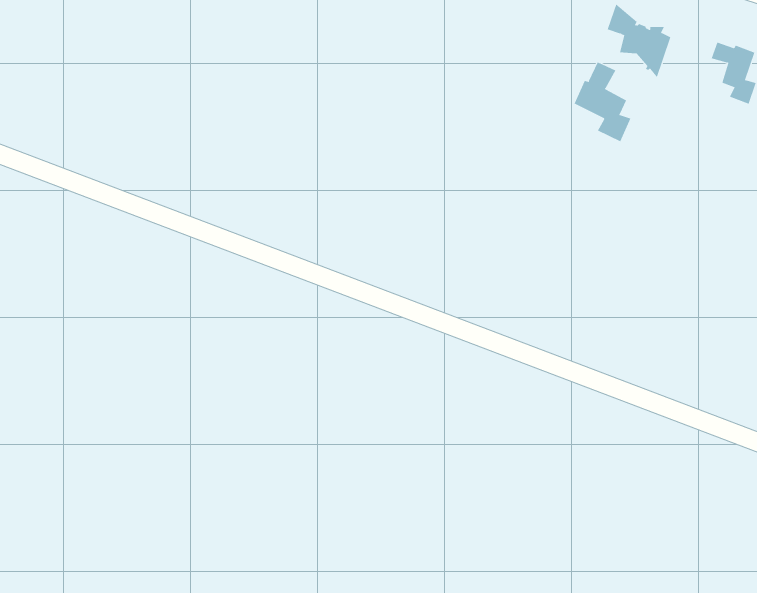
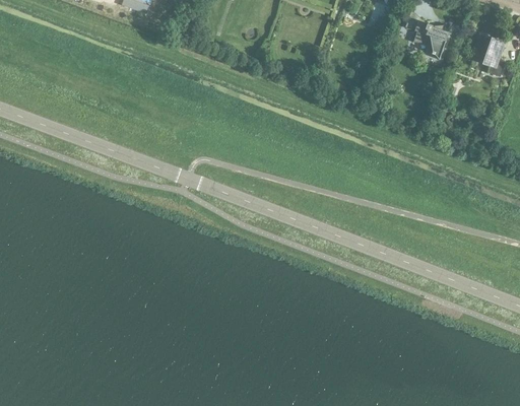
building: [574,61,631,142] -> none

